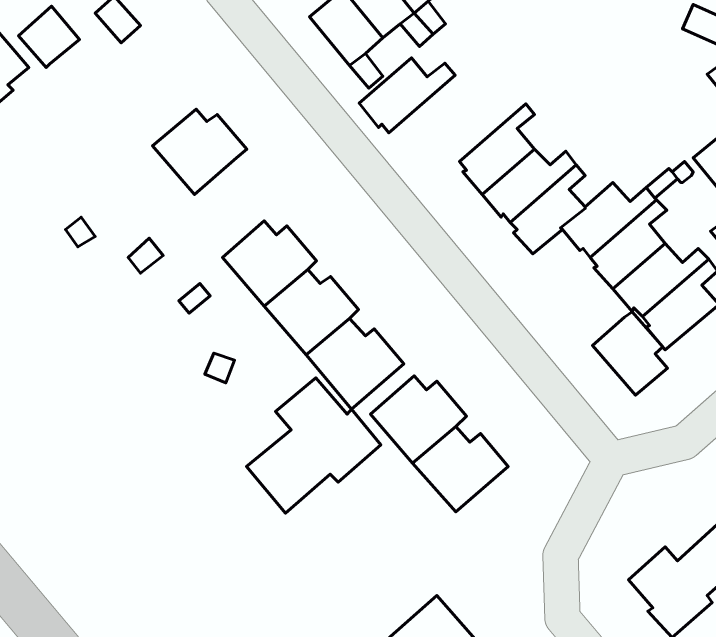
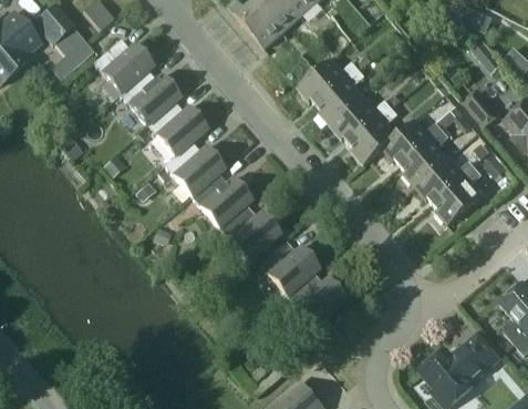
building: none -> [52,27,94,80]
building: [359,58,455,133] -> [296,57,356,104]
building: none -> [93,40,153,94]
building: none -> [146,102,207,157]
building: [593,312,667,395] -> none
building: [246,378,381,513] -> none

